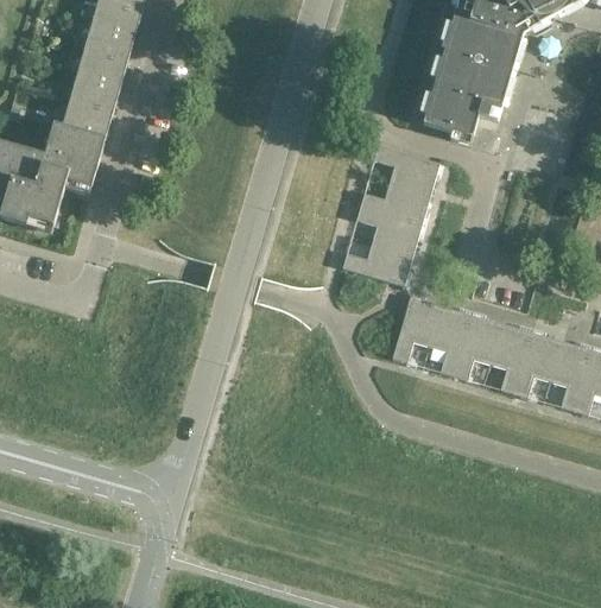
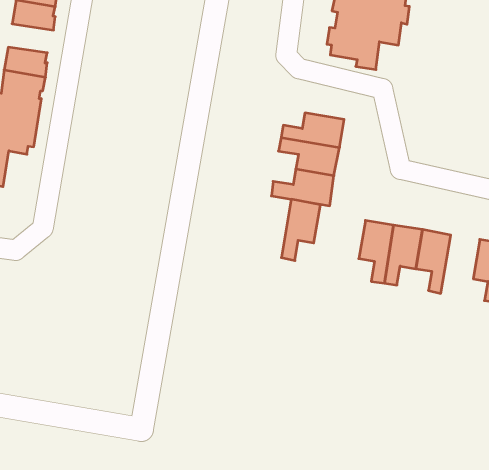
building: [75,50,126,86] -> none
building: [372,144,438,194] -> none
building: [391,296,439,362] -> [281,199,321,261]
building: [512,331,561,397] -> none

